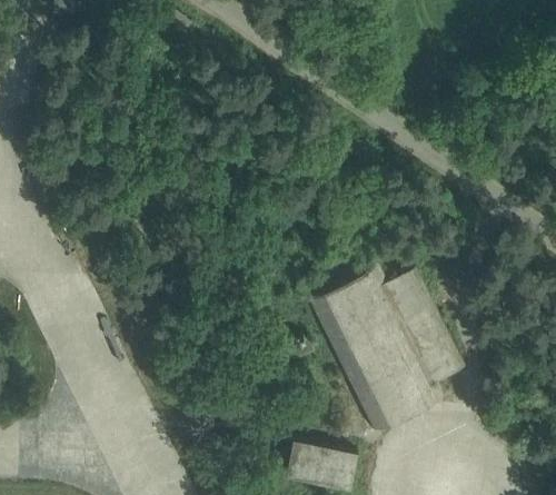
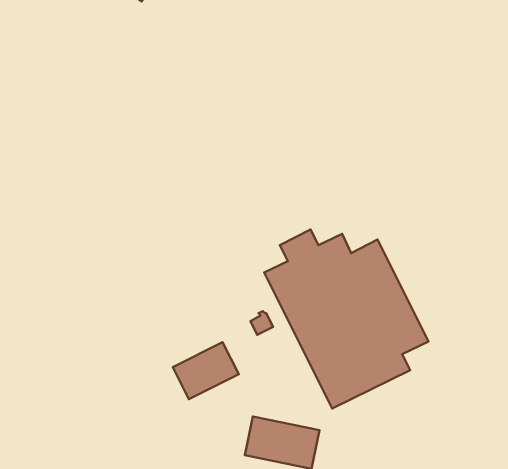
building: none -> [173,342,239,399]

